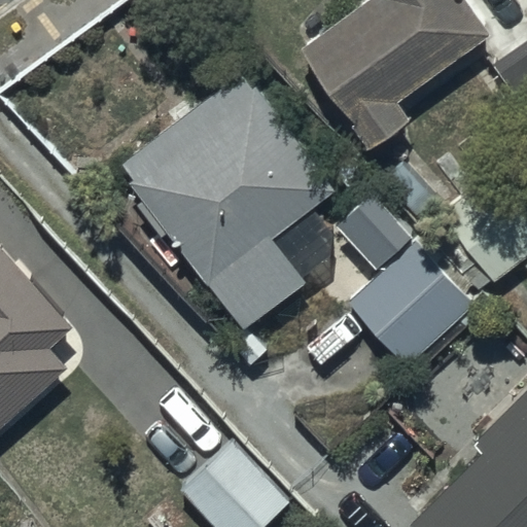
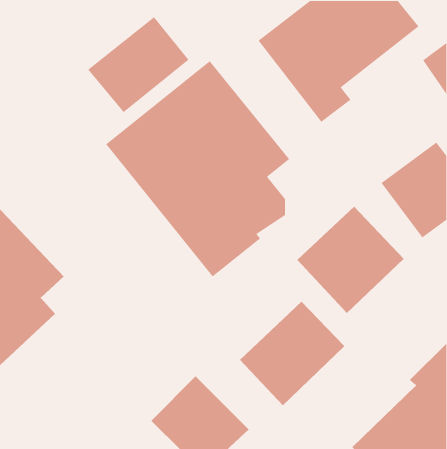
building: none -> [87,16,189,113]
building: none -> [239,301,345,406]

